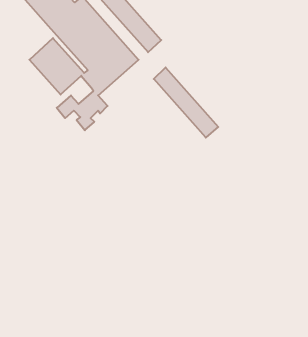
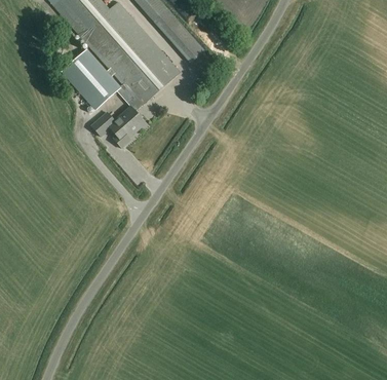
building: [154,67,218,138] -> none

